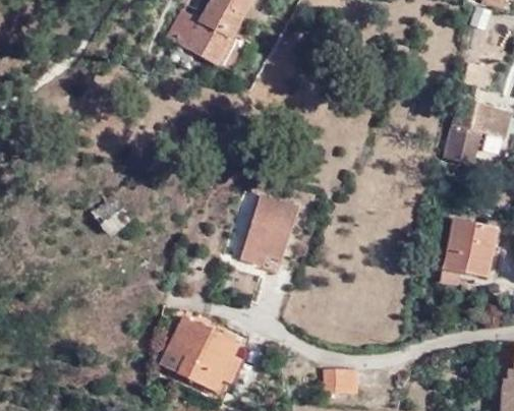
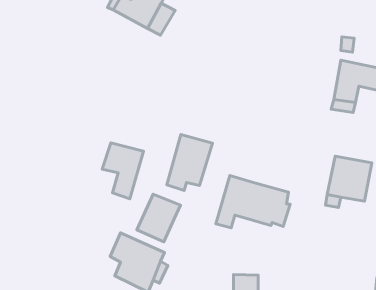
building: none -> [102,143,143,199]
building: none -> [216,176,290,228]
building: none -> [137,194,180,242]

